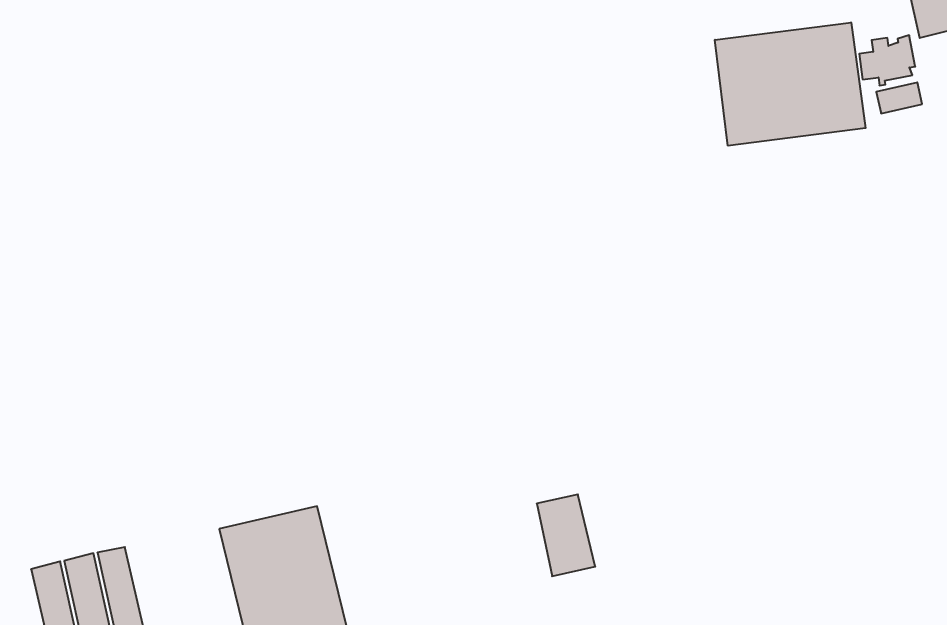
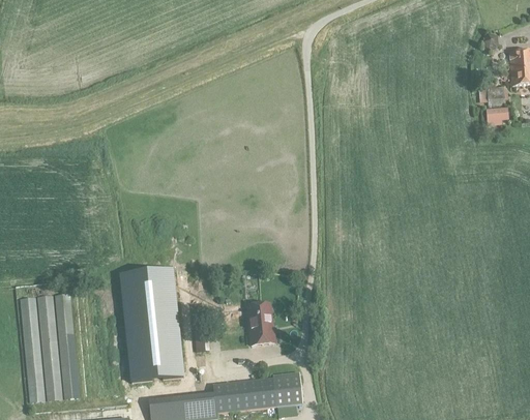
building: [715,22,866,146] -> none
building: none -> [119,270,172,290]
building: [537,494,595,576] -> [249,303,275,343]

